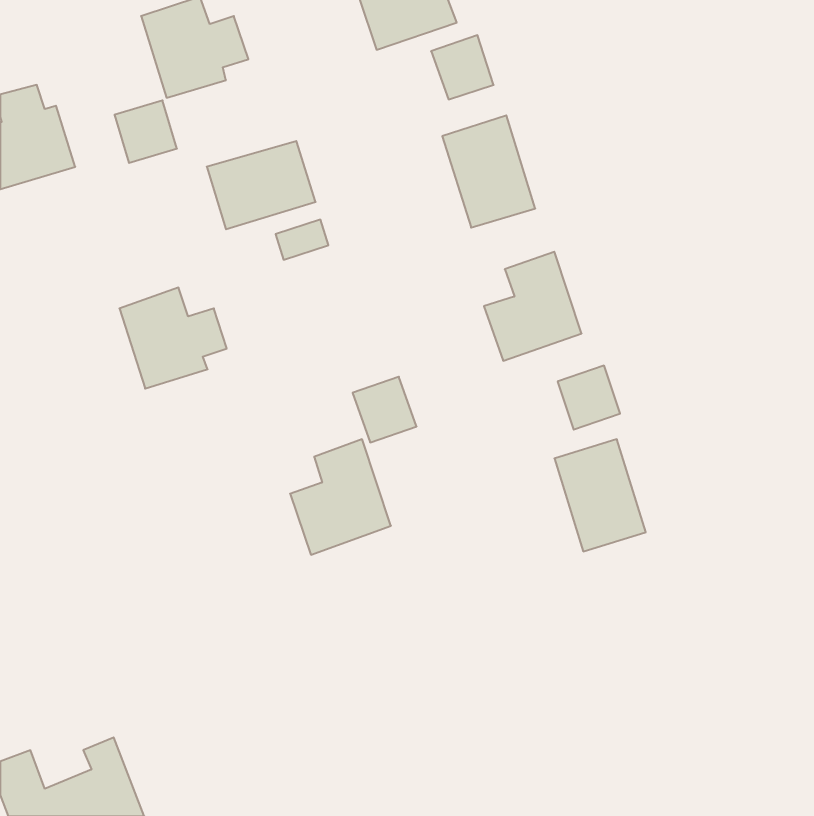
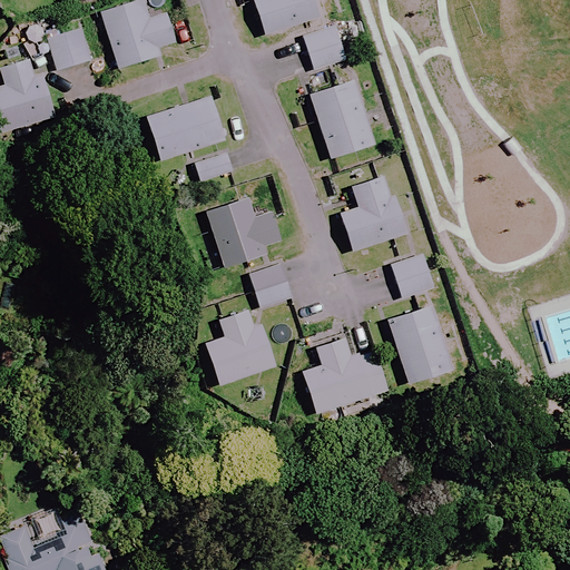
building: [114,100,177,163] -> [48,27,91,70]
building: [119,288,227,389] -> [206,197,281,267]
building: none -> [303,337,386,413]

